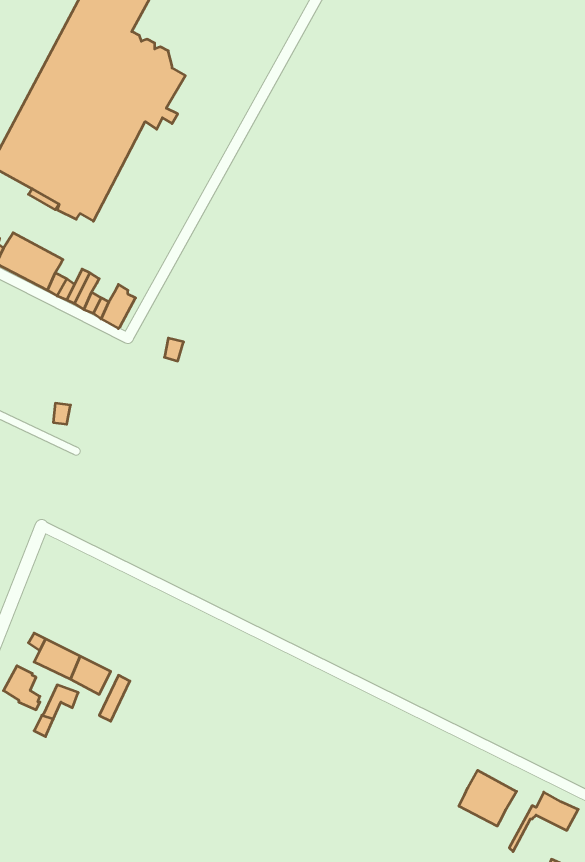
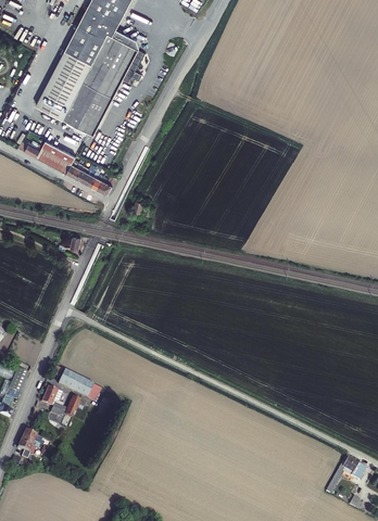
building: [459,770,517,826] -> none

